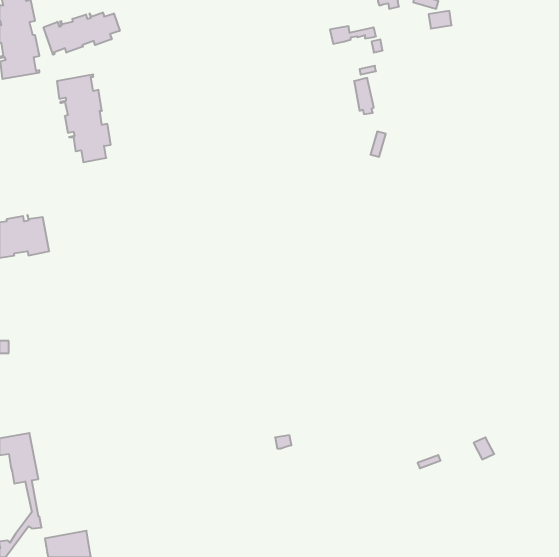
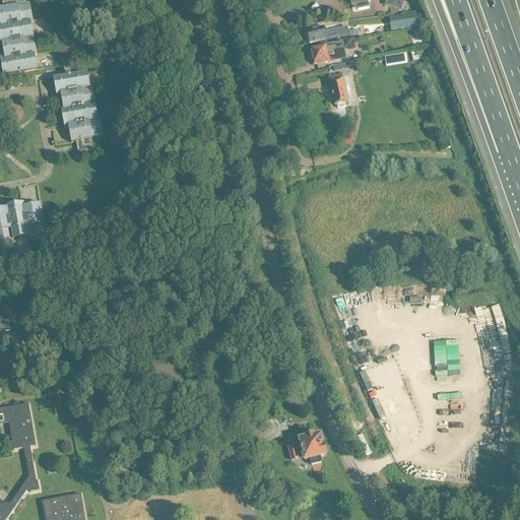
building: [44,12,120,55] -> none
building: none -> [308,40,344,62]
building: none -> [286,433,325,462]

